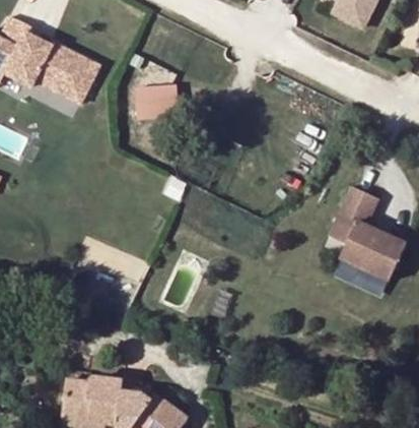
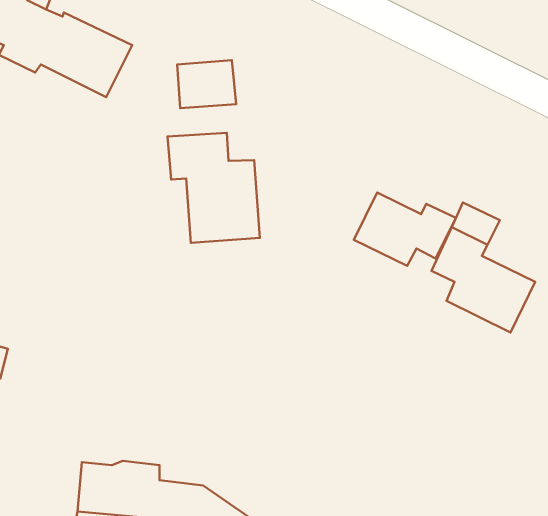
building: none -> [167,133,260,243]
building: none -> [354,192,456,266]

